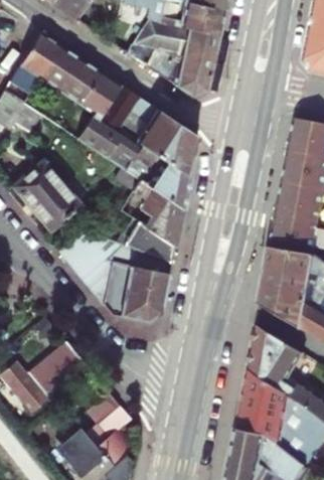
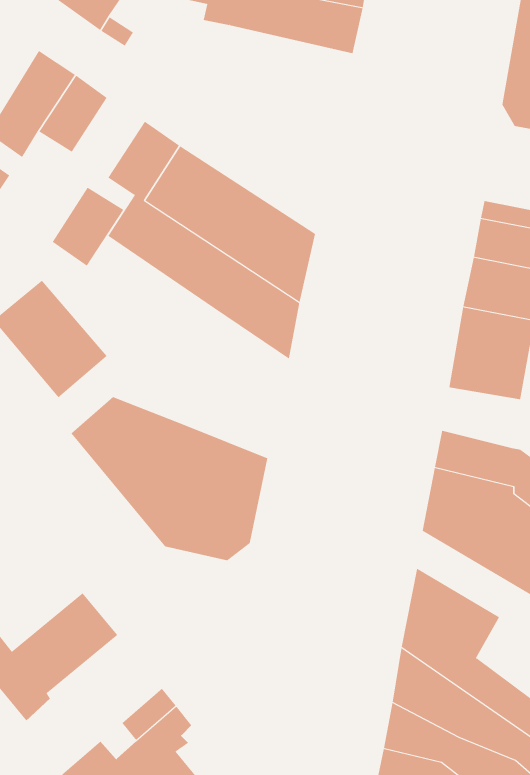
building: [126,17,219,97] -> none
building: [59,58,101,104] -> [52,187,124,266]
building: [124,178,183,264] -> none
building: [270,223,315,258] -> none

